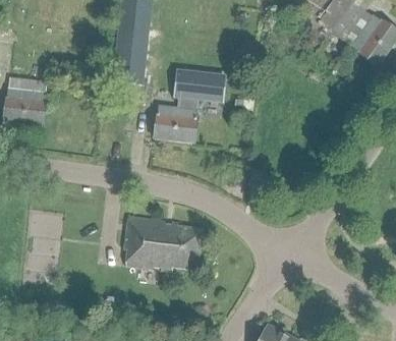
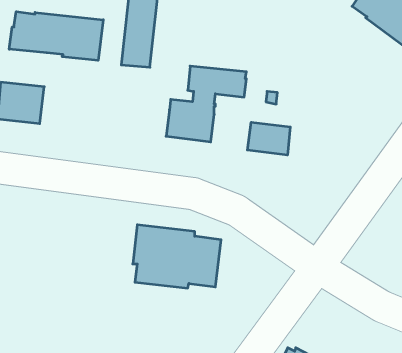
building: none -> [9,12,103,60]
building: none -> [247,122,290,155]

